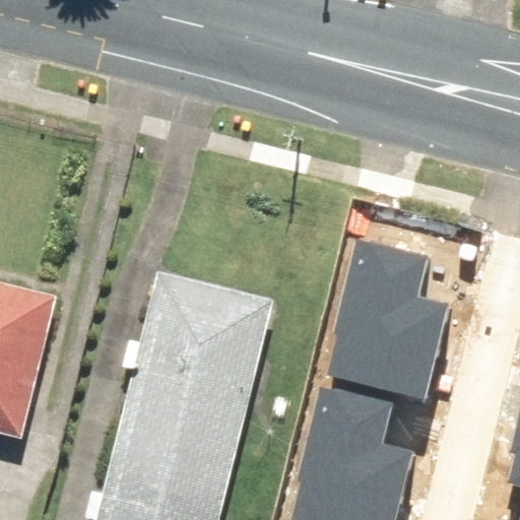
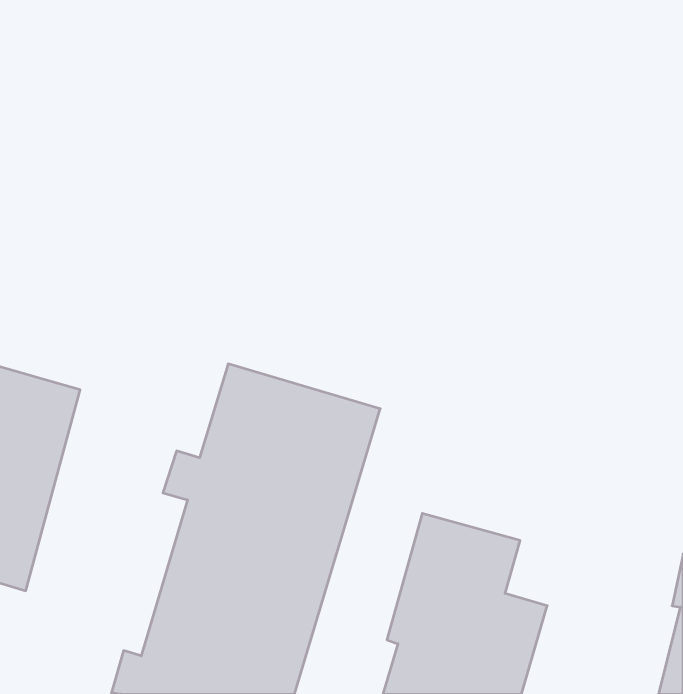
building: [319,230,445,400] -> none

